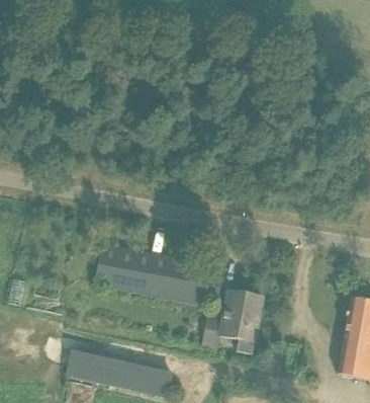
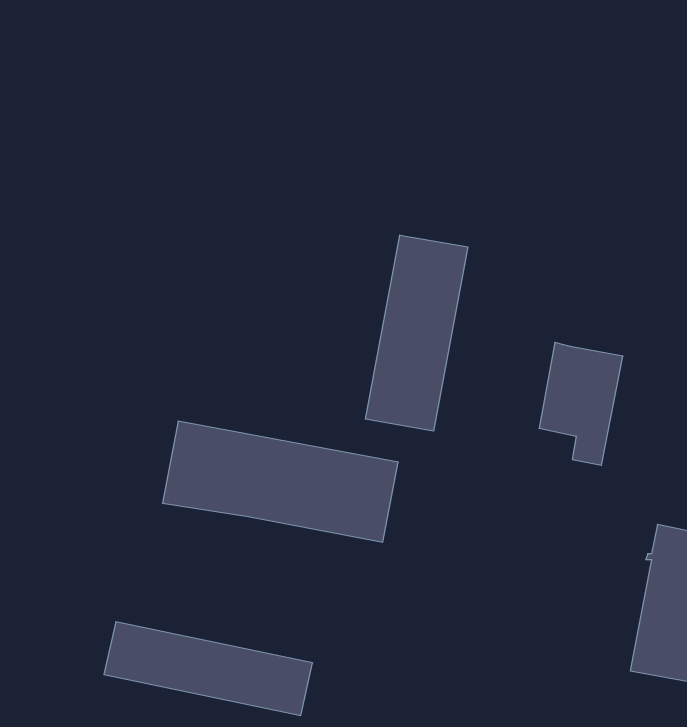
building: none -> [365,235,468,431]
building: [219,291,263,354] -> [539,342,623,465]

